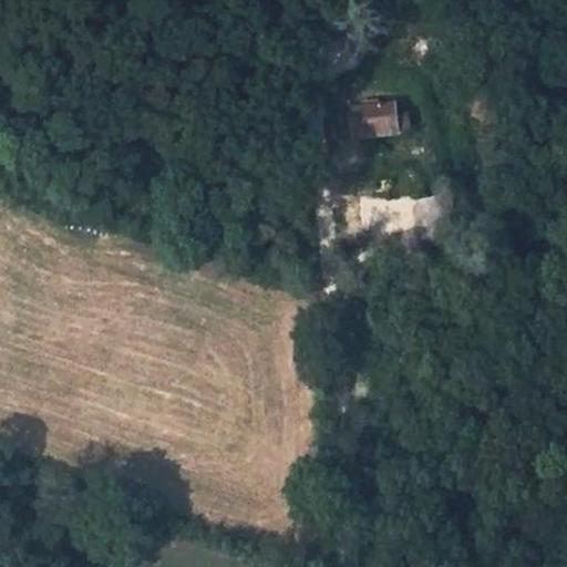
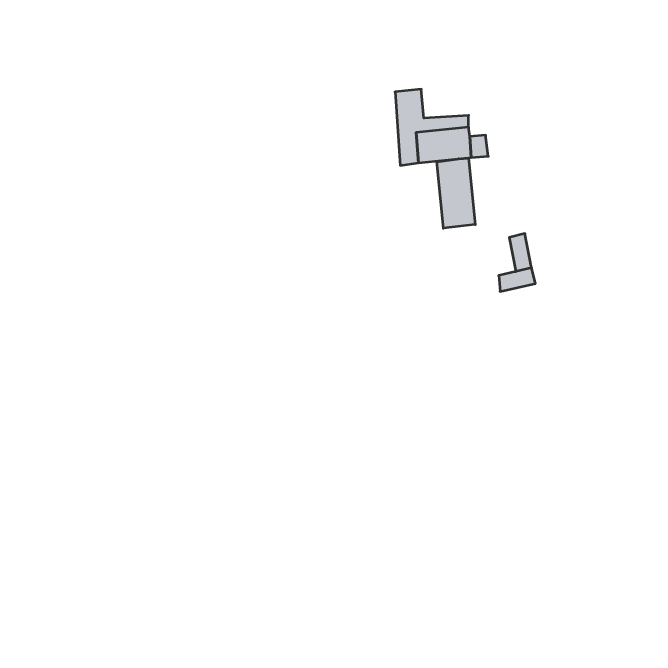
building: none -> [437,158,475,228]

